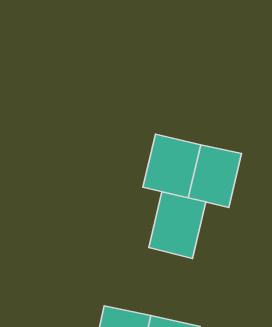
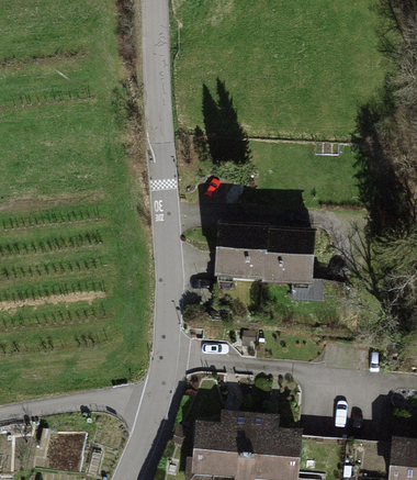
building: [149,192,206,259] -> none

